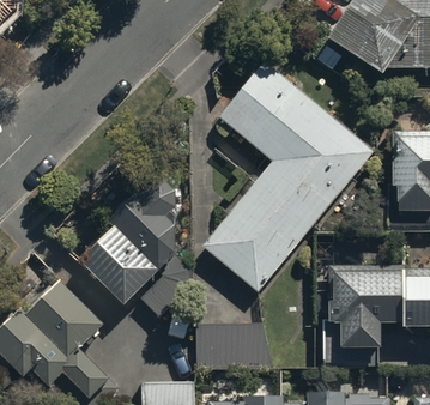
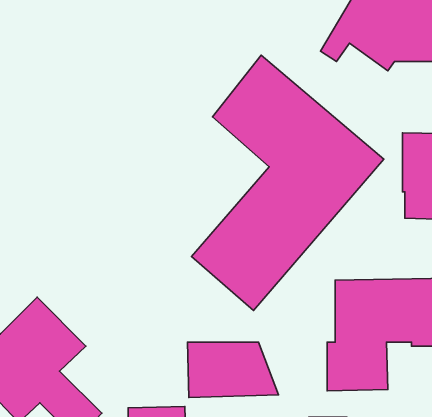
building: [77,176,192,318] -> none

